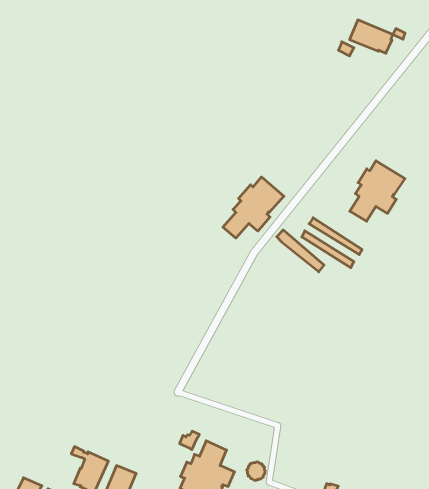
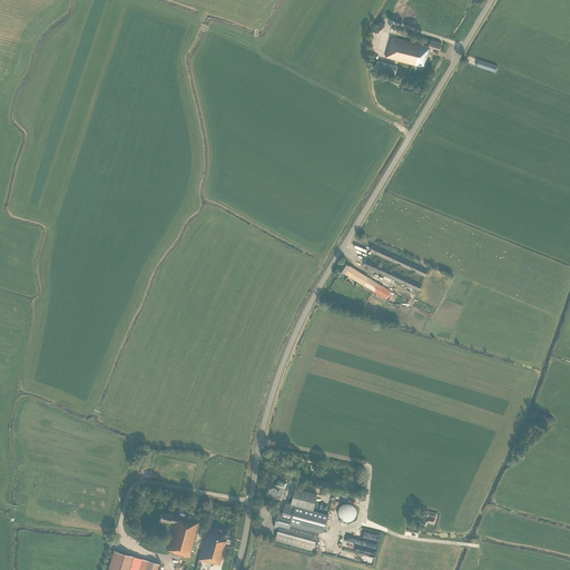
building: [350,161,405,221] -> none
building: [223,177,284,238] -> none

